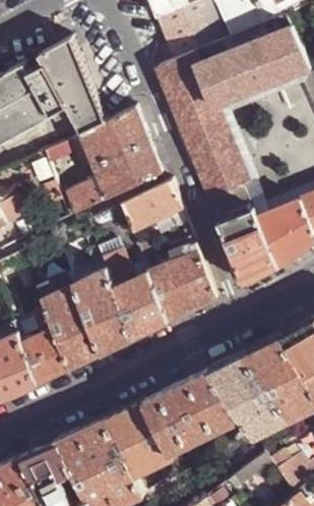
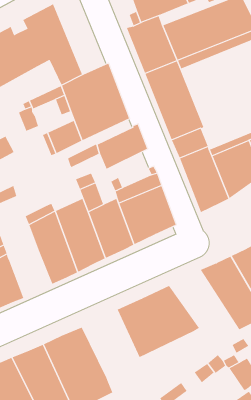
building: [20,329,69,386] -> none
building: [207,352,289,439] -> none
building: [105,399,174,480] -> none

